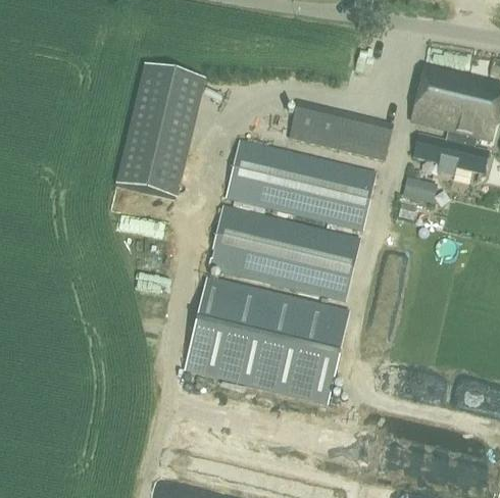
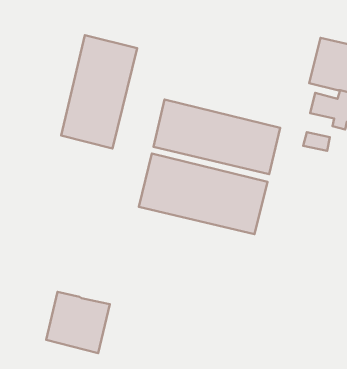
building: [289,100,394,160] -> none
building: [184,277,349,405] -> none
building: none -> [46,292,110,353]

